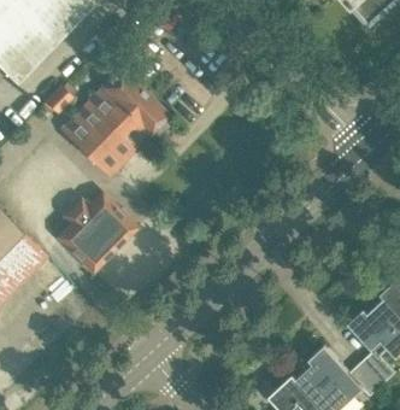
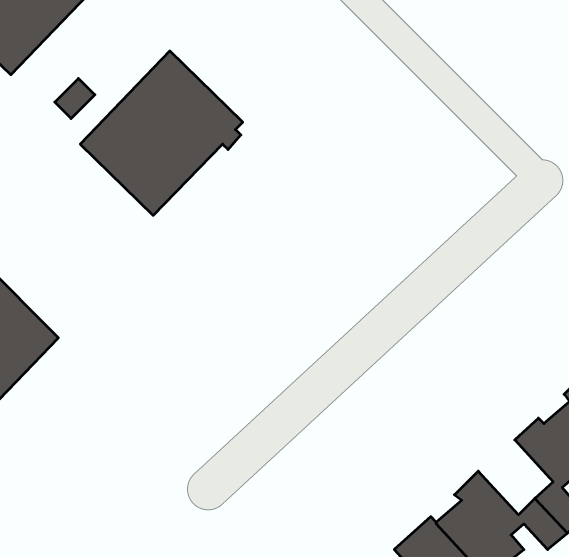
building: [58,193,136,273] -> none

